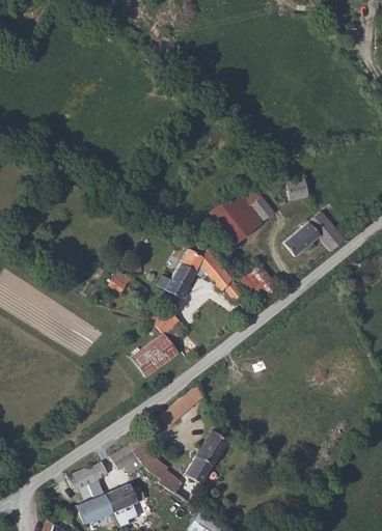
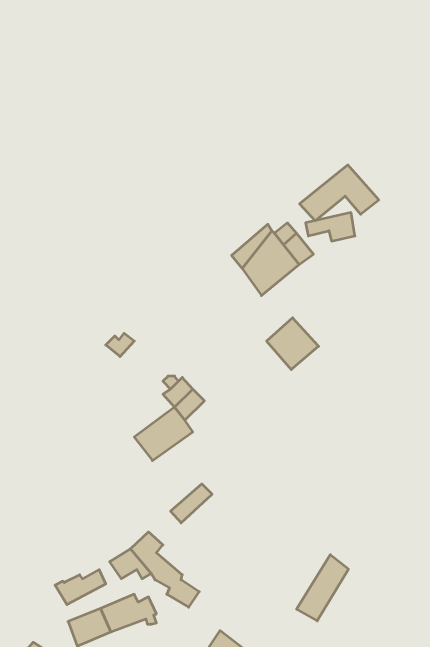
building: [282,211,346,255] -> [300,165,379,221]
building: [157,241,244,300] -> none
building: [186,429,227,482] -> [297,555,348,621]

